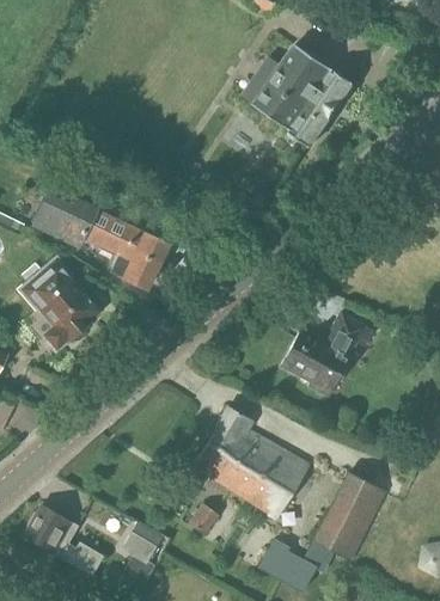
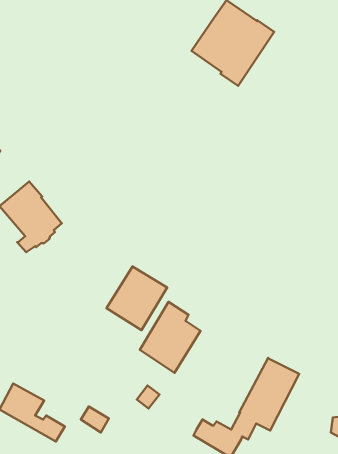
building: [35,195,167,287] -> none
building: [285,311,373,392] -> none
building: [236,440,308,516] -> [106,266,167,330]

